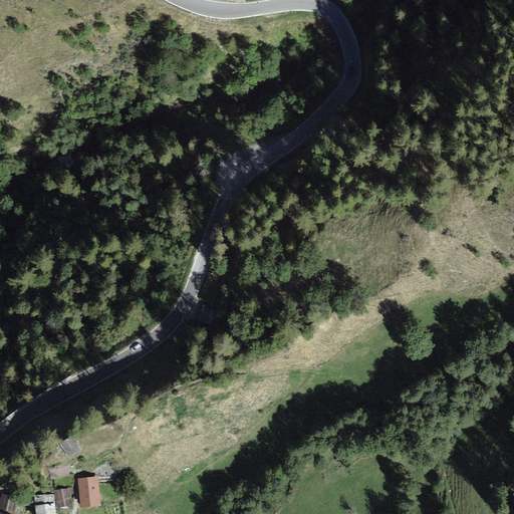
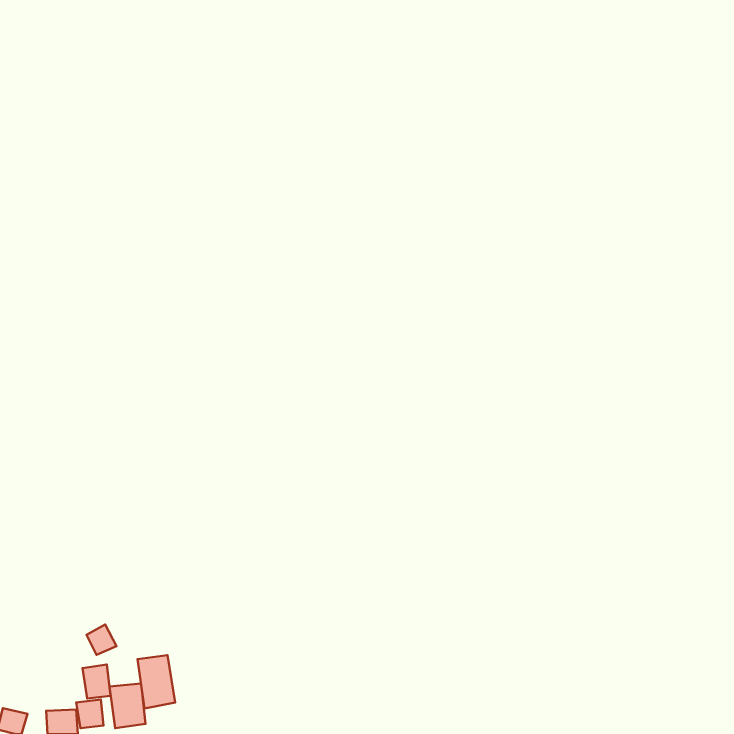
building: none -> [138,655,175,708]
building: none -> [83,664,110,698]

